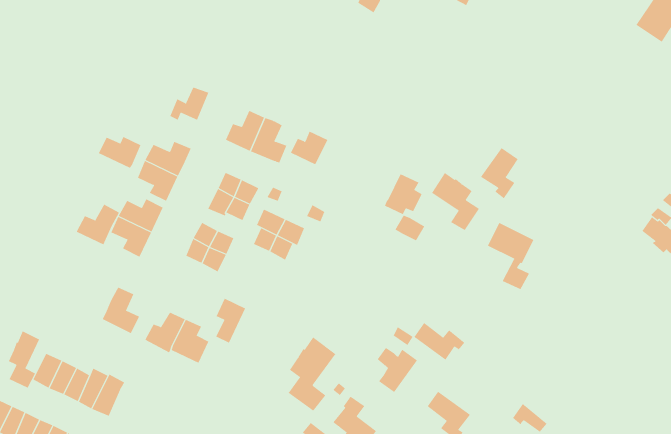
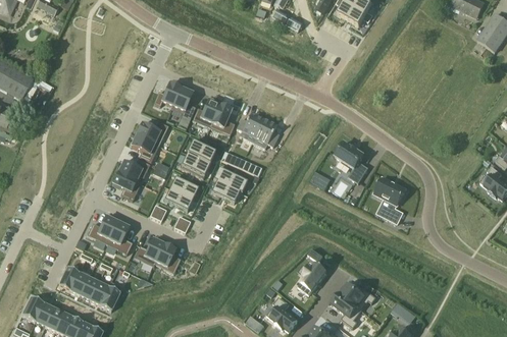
building: none -> [171,87,195,119]
building: [98,136,141,169] -> none
building: [480,146,519,199] -> none
building: [384,174,422,215] -> [252,119,278,148]
building: [76,204,120,245] -> [87,215,117,243]
building: [215,298,246,344] -> none
building: [414,322,465,360] -> [340,283,375,310]
building: [8,330,40,389] -> none
building: [288,336,336,411] -> none

